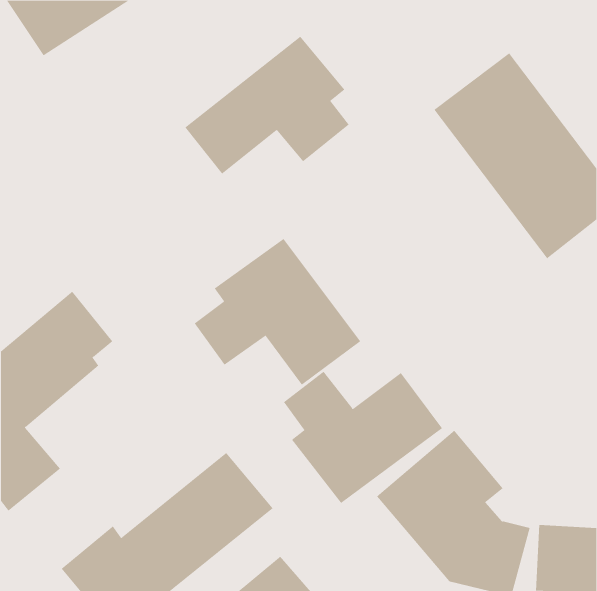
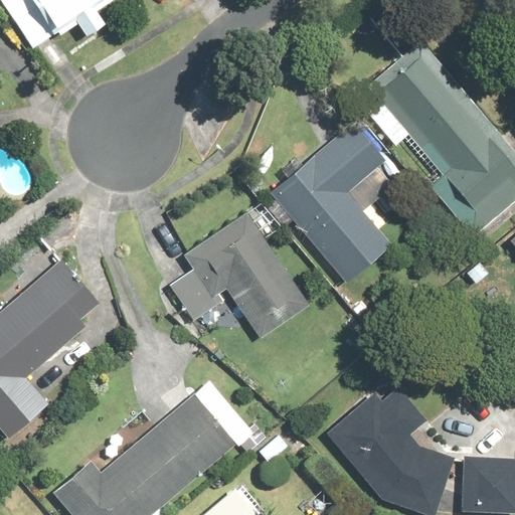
building: [184,36,349,175] -> none
building: none -> [270,123,393,286]
building: [283,371,443,504] -> none

